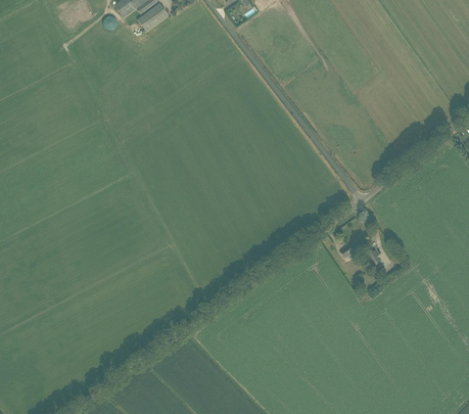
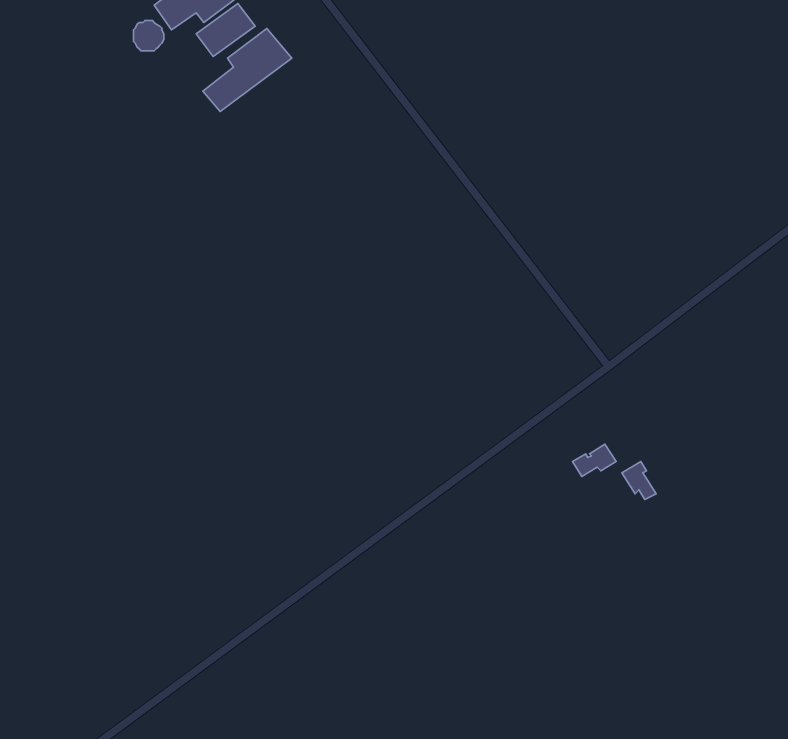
building: none -> [203,29,292,112]

